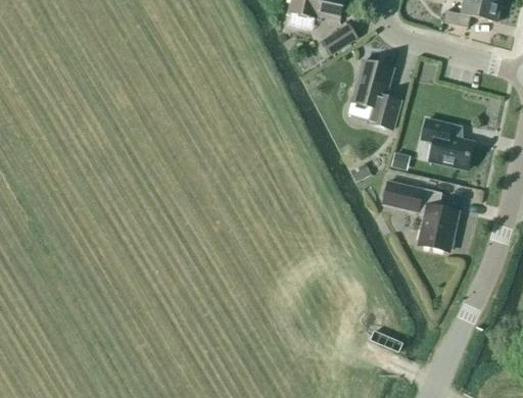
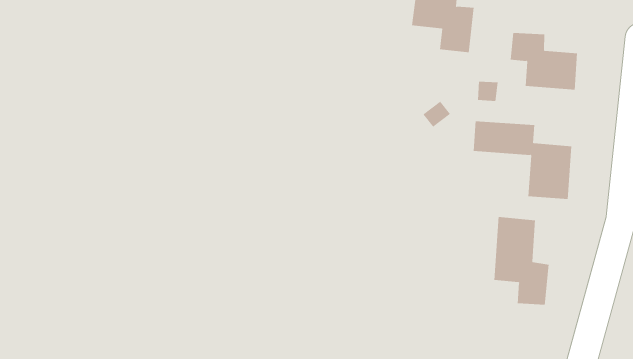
building: none -> [494,216,549,306]

